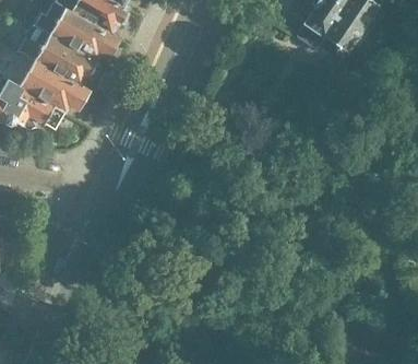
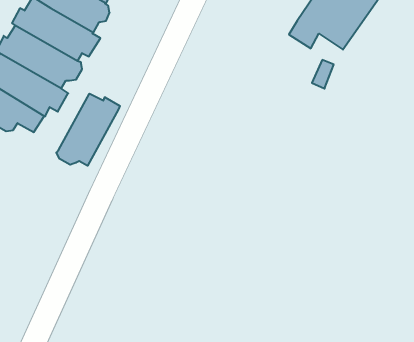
building: none -> [56,94,120,166]

